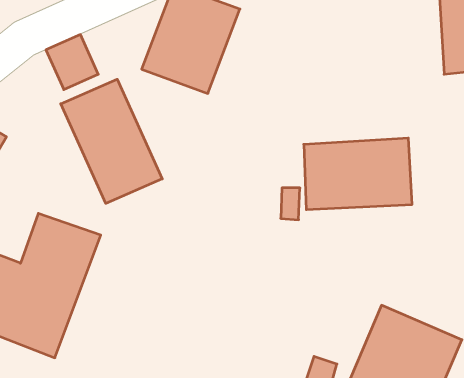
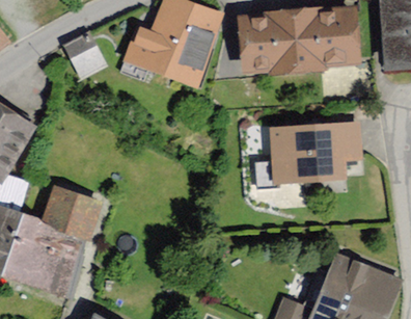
building: none -> [244,11,358,69]
building: [61,79,162,203] -> none

